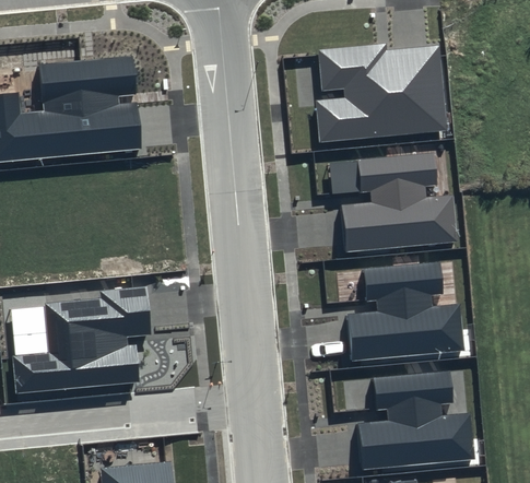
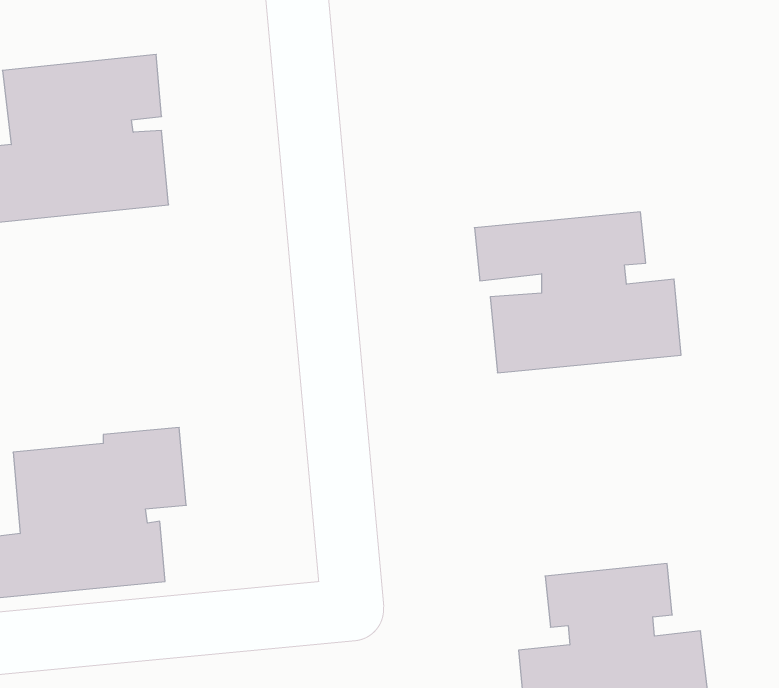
building: [316,44,447,142] -> none
building: [348,262,464,362] -> none

